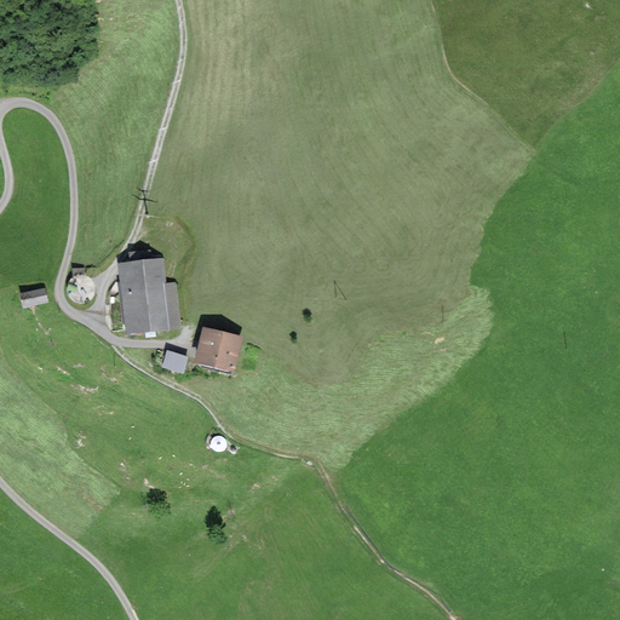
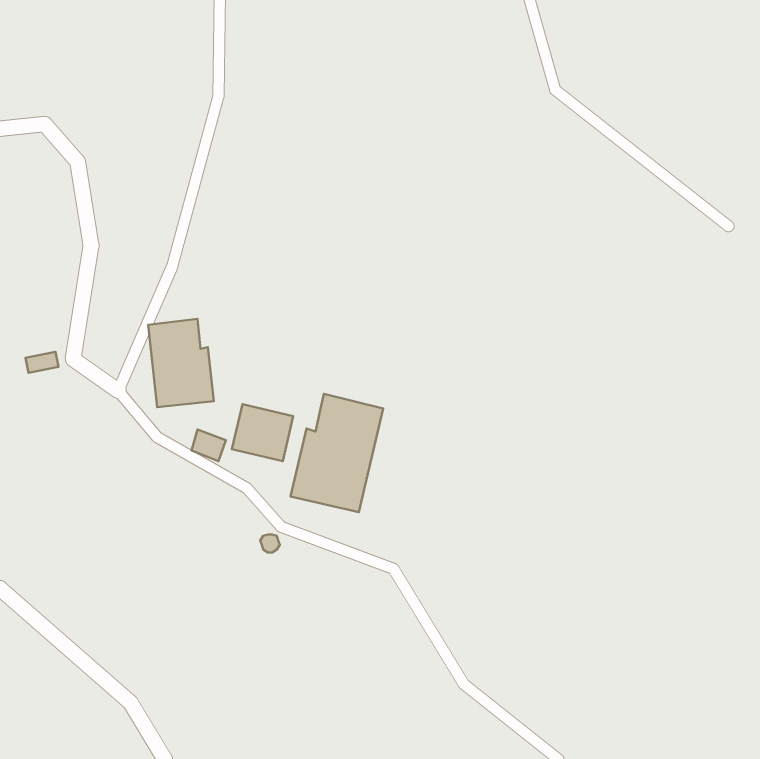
building: none -> [290,394,383,512]

